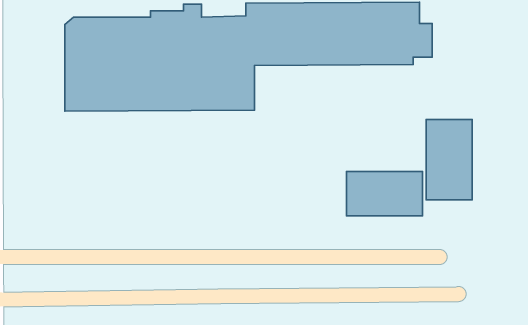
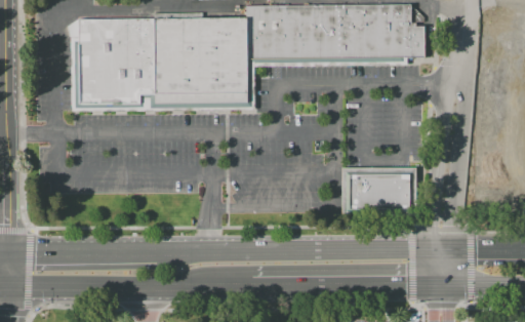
building: [426,119,472,200] -> none

